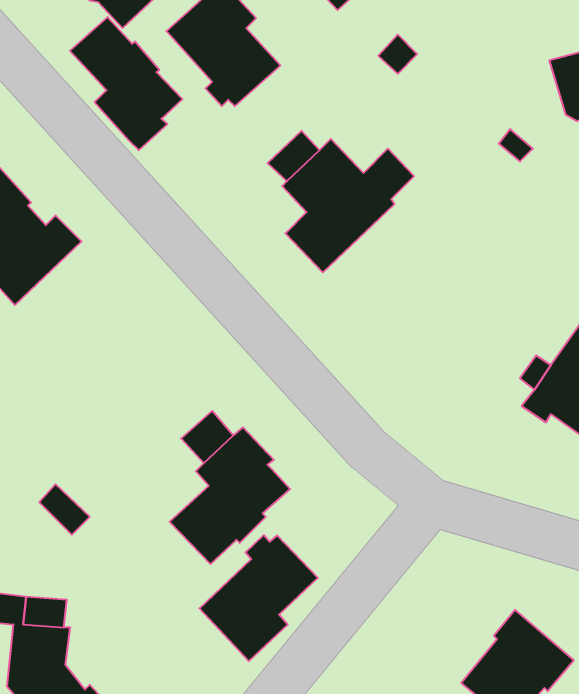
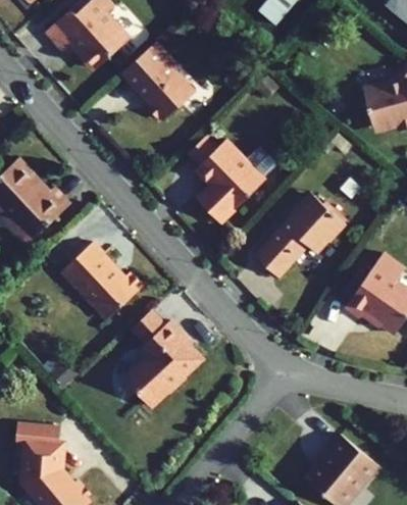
building: [70,17,182,150] -> none
building: none -> [255,194,347,275]
building: none -> [62,242,144,318]
building: [199,535,318,661] -> none

